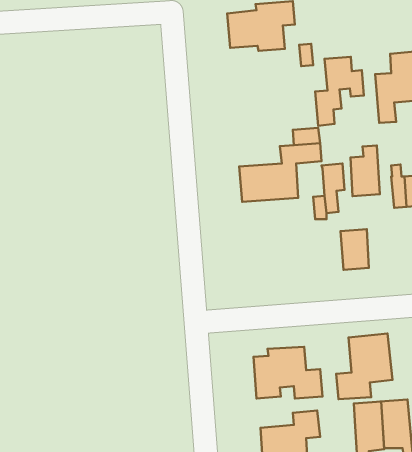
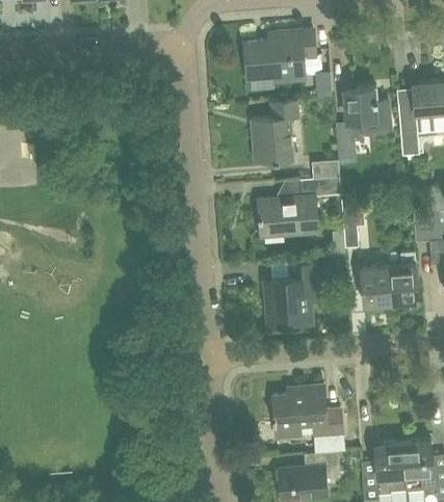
building: none -> [251,101,297,162]
building: [350,145,380,196] -> [388,253,418,305]
building: none -> [263,264,321,326]
building: [336,333,392,399] -> none

